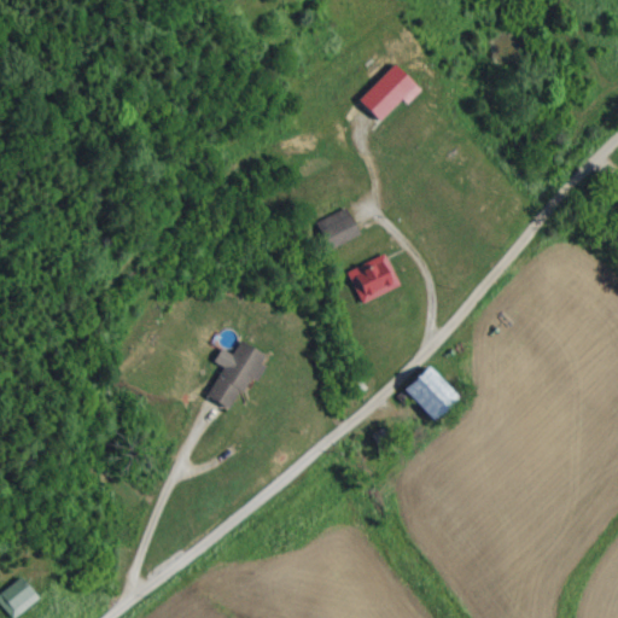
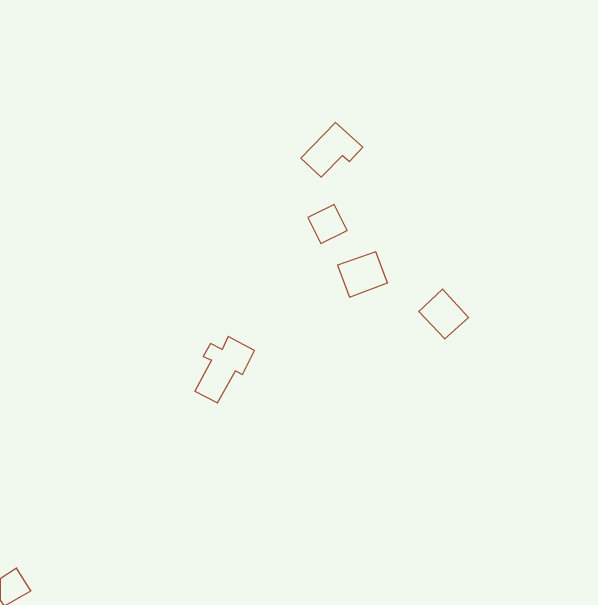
building: [358,64,421,119] -> [301,122,363,177]
building: [403,365,454,415] -> [419,289,469,339]

